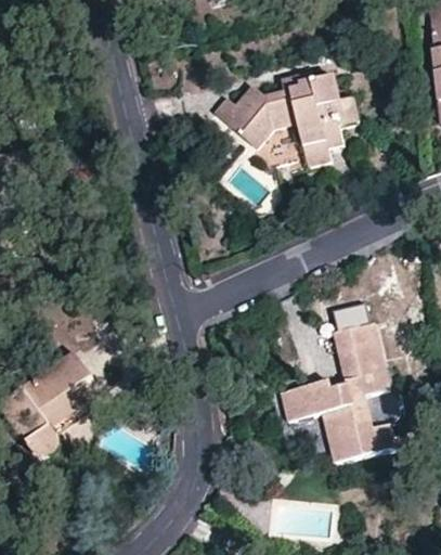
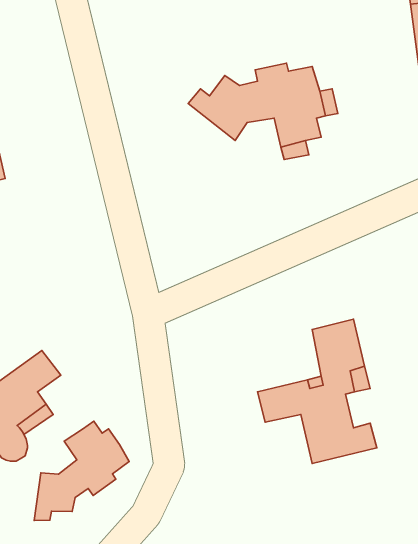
building: none -> [34,421,129,520]

